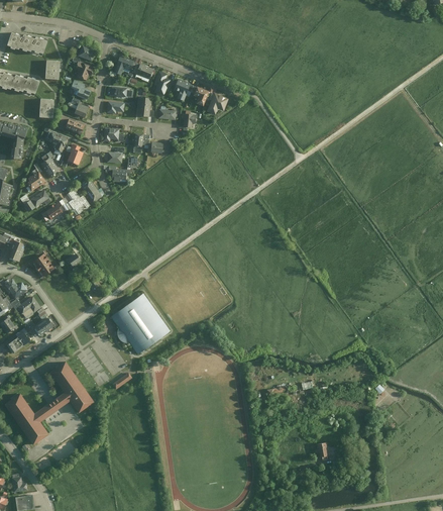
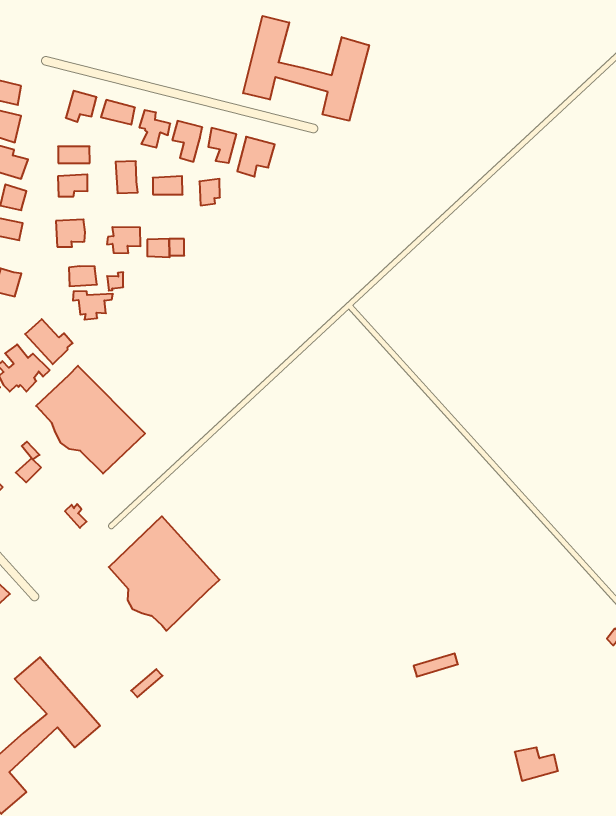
building: none -> [243,16,369,121]
building: none -> [36,366,145,474]

